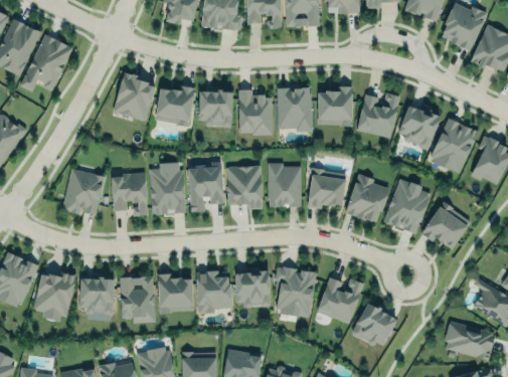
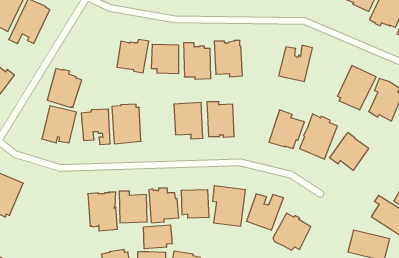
building: [113,72,156,121] -> [47,69,82,107]
building: [318,85,352,127] -> none
building: [398,105,441,149] -> none
building: [188,162,223,211] -> none
building: [306,168,347,209] -> none
building: [32,270,76,318] -> none
building: [78,276,115,315] -> none
building: none -> [144,225,172,249]

